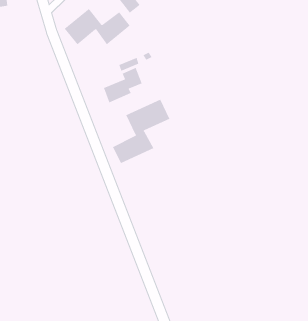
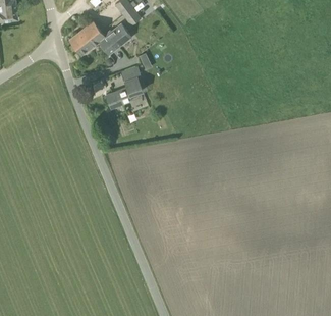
building: [112,99,170,164] -> none

